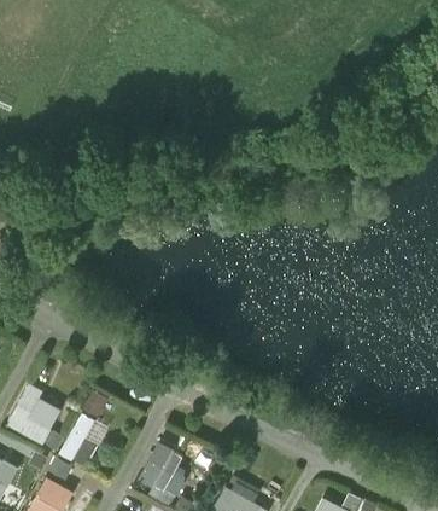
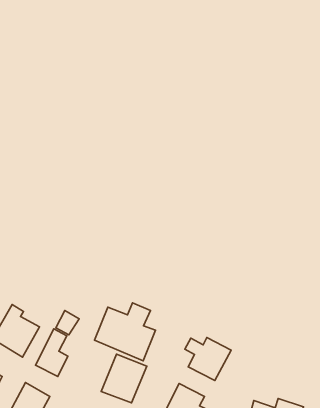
building: none -> [94,303,155,361]
building: none -> [185,337,231,381]

